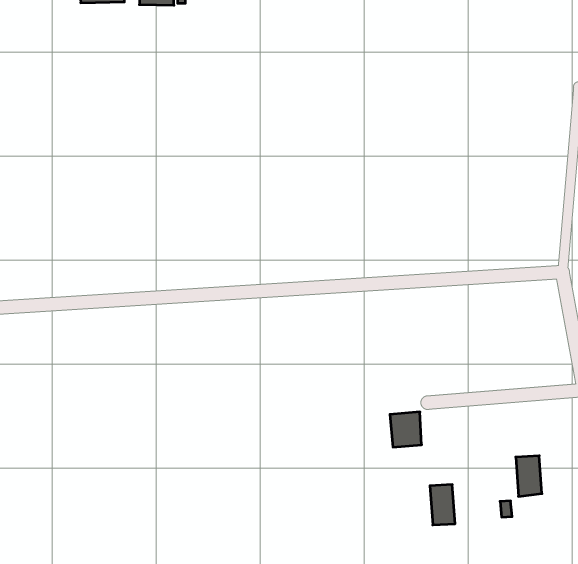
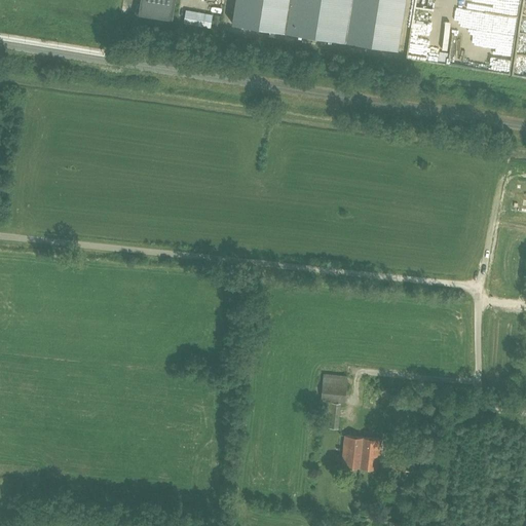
building: [516,456,542,496] -> [359,437,380,468]

